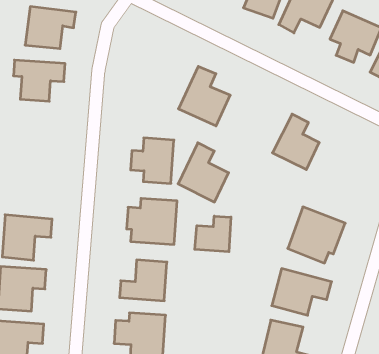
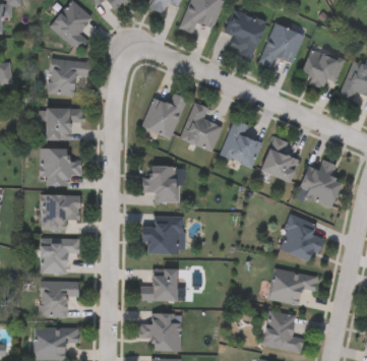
building: none -> [141,94,185,138]
building: none -> [40,148,81,186]
building: [178,143,229,202] -> [220,119,261,168]
building: none -> [297,160,342,208]
building: none -> [41,194,79,230]
building: [195,216,231,252] -> none

